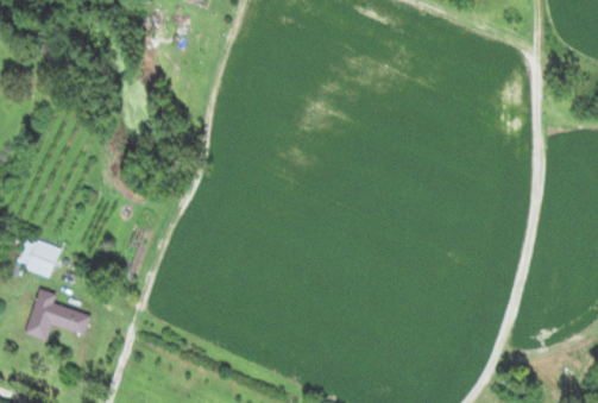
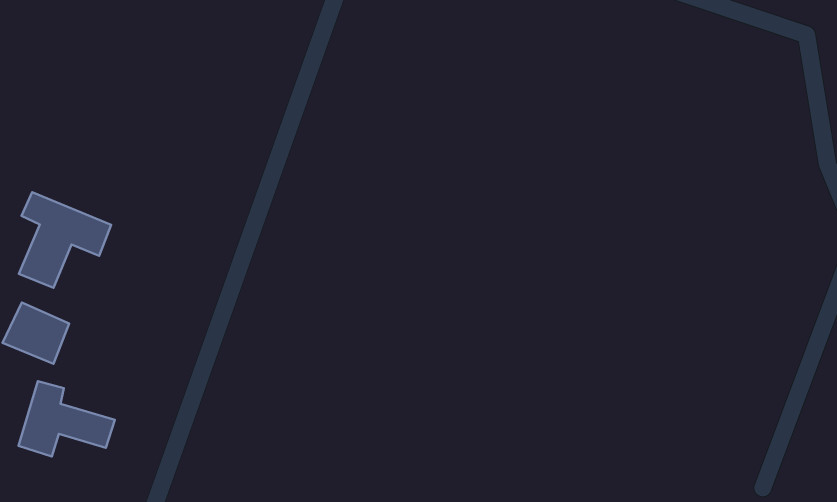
building: none -> [19,192,111,288]

